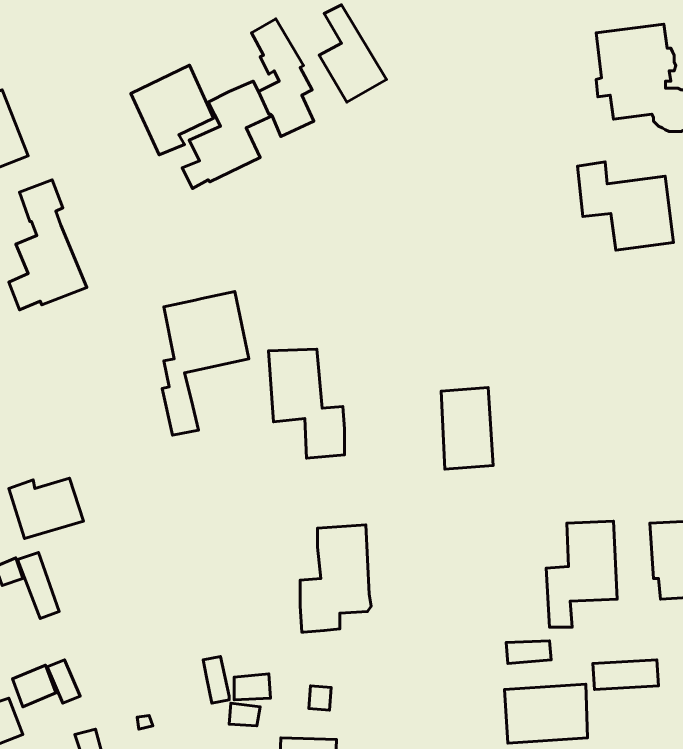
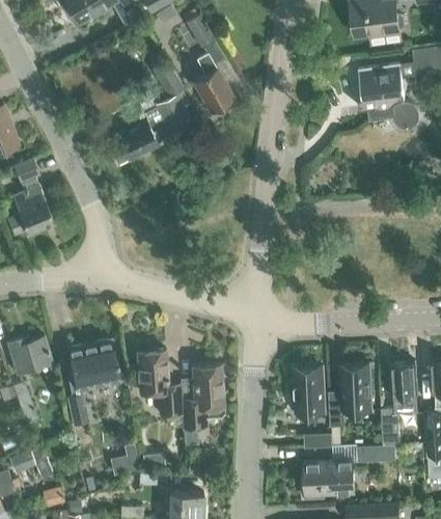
building: [131,65,214,155] -> none
building: [577,162,674,250] -> none
building: [162,291,249,435] -> [67,339,119,426]
building: [268,349,345,458] -> [136,350,182,415]
building: [441,388,493,469] -> [294,364,325,413]
building: none -> [381,409,399,444]

